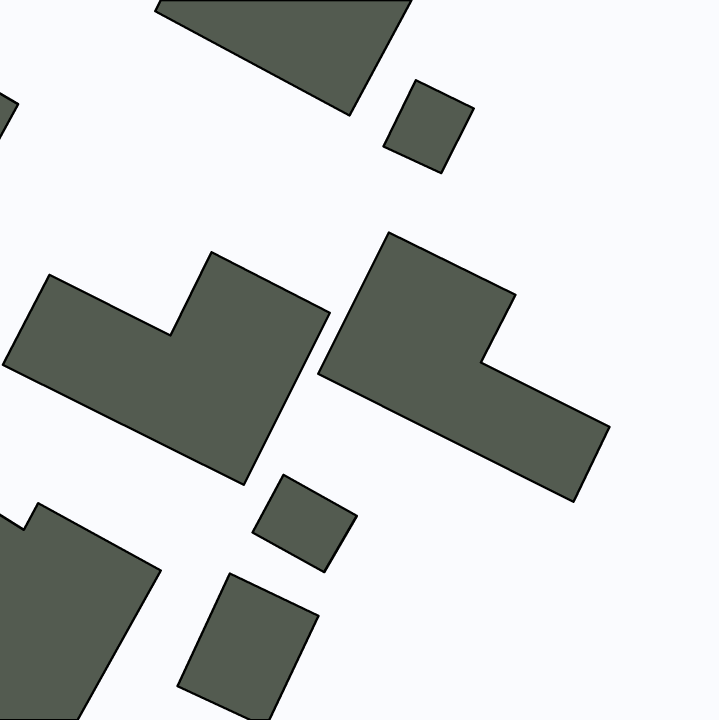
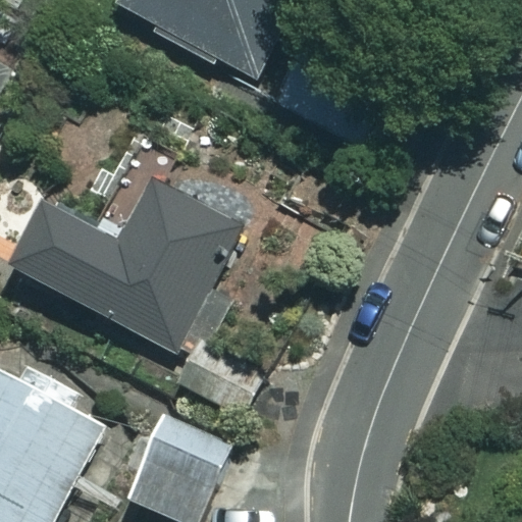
building: [318,233,609,502] -> none

